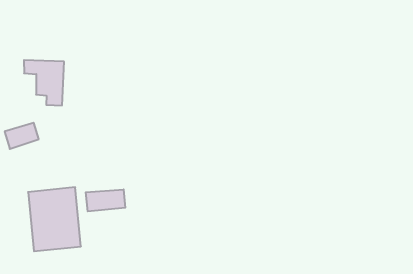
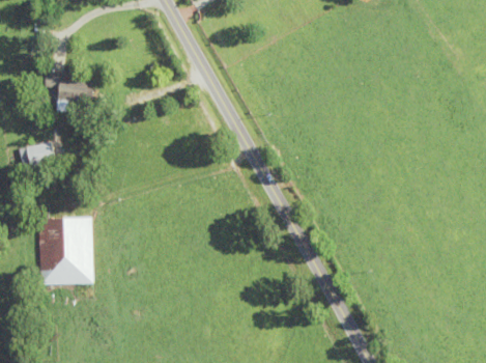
building: [86,189,125,211] -> none

